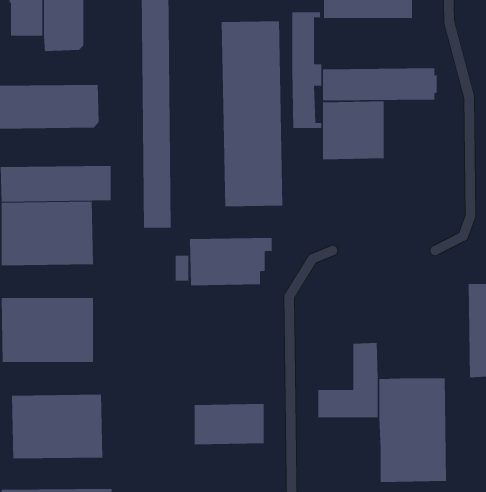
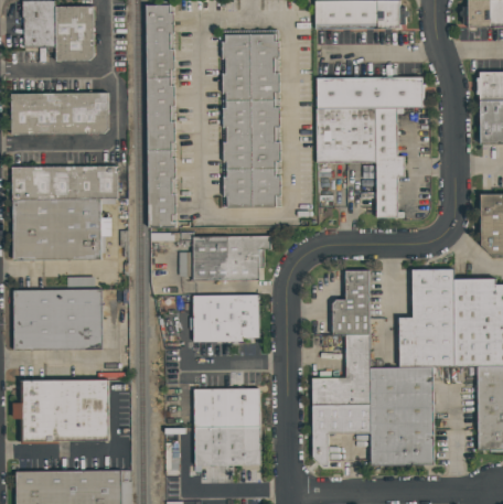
building: [291,12,322,129] -> [374,107,403,216]
building: none -> [331,269,367,334]
building: none -> [398,269,453,366]
building: none -> [192,293,258,341]
building: none -> [311,404,370,465]
building: none -> [195,428,261,468]

